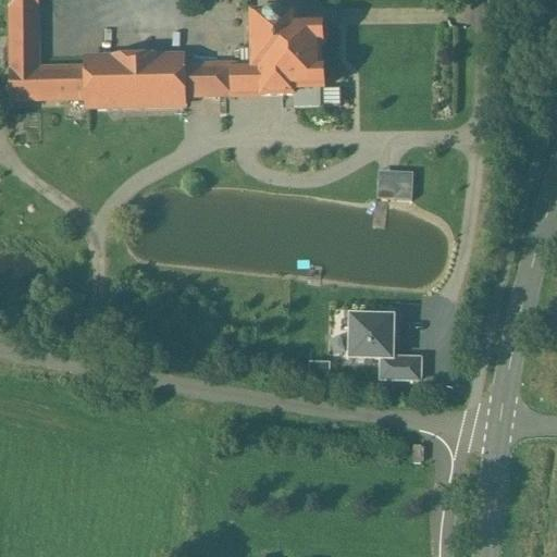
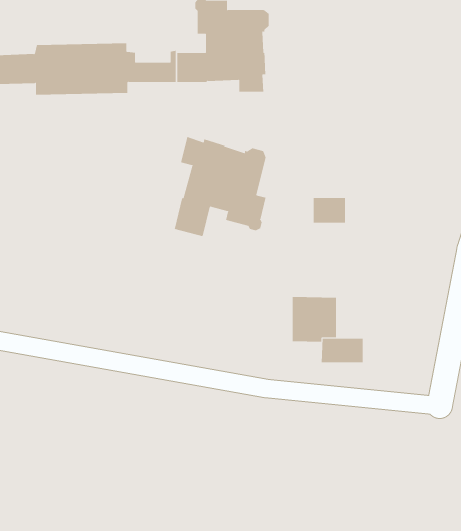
building: none -> [174,136,266,238]
building: [387,166,421,193] -> [313,197,346,223]

